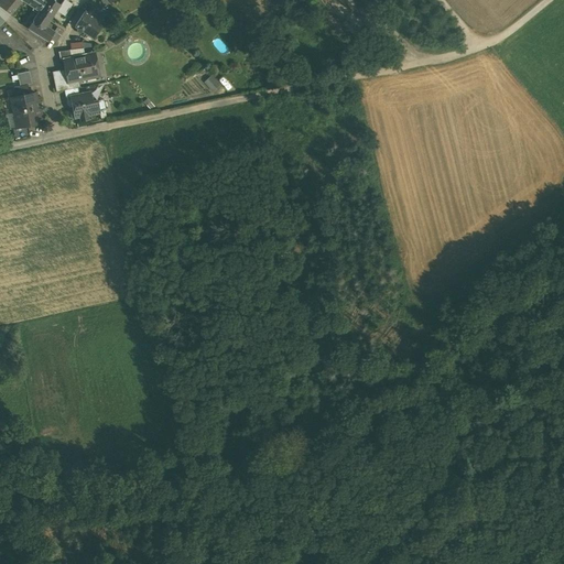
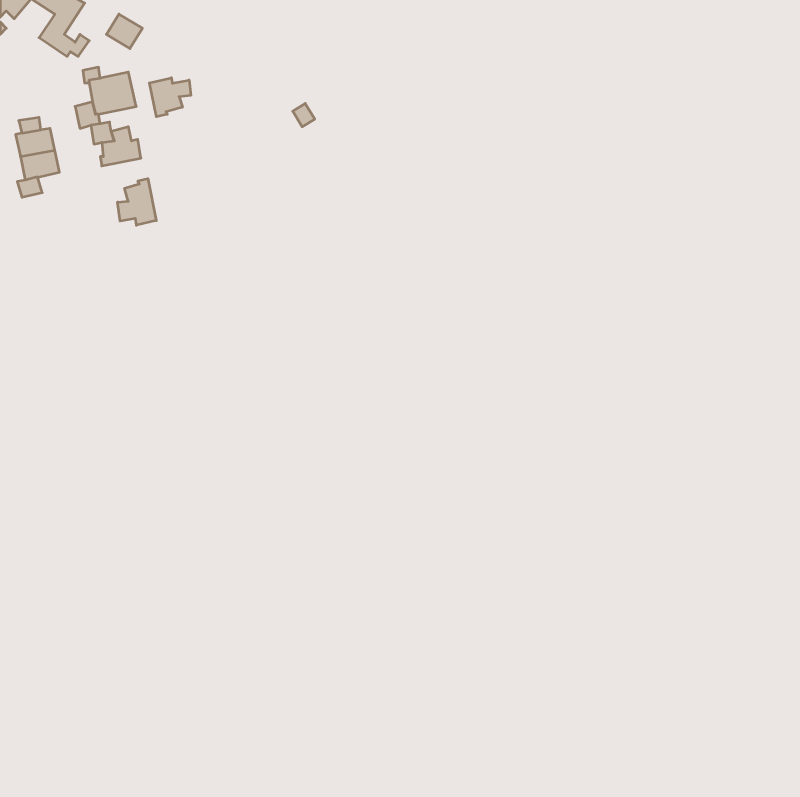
building: none -> [149,78,191,117]
building: none -> [118,179,156,225]

